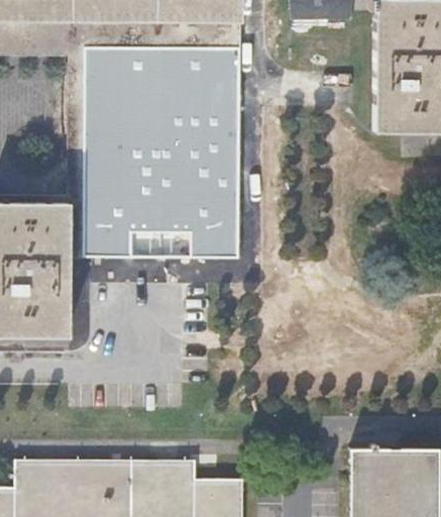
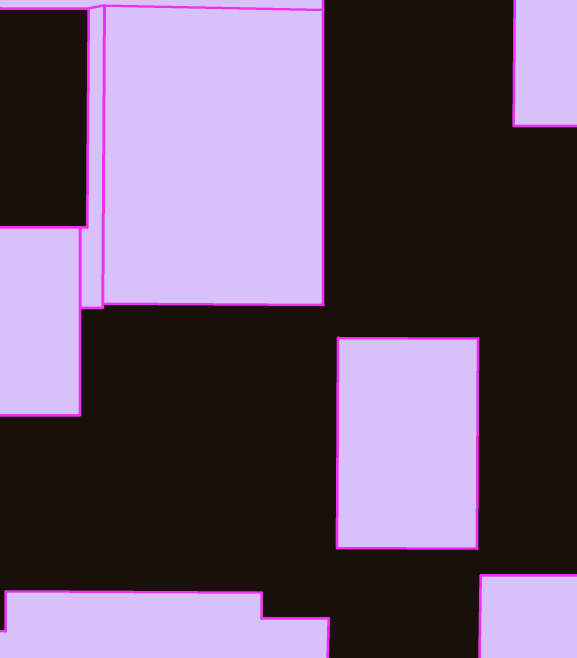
building: none -> [337,338,478,549]

